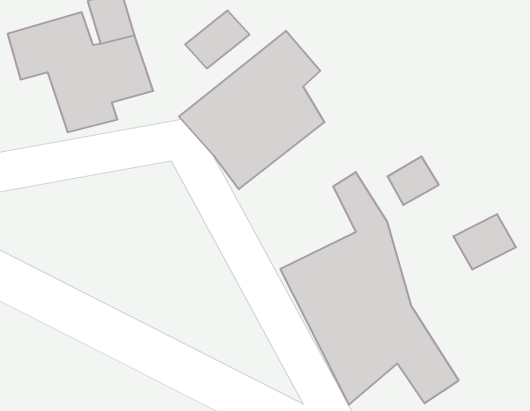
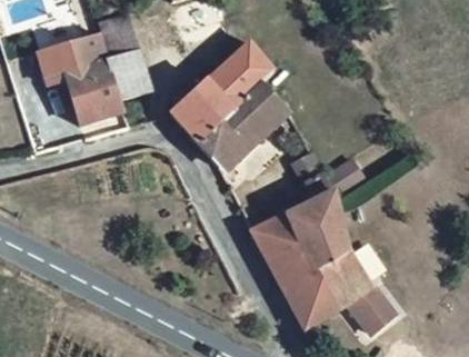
building: [185,10,249,68] -> none
building: [453,214,516,270] -> none

